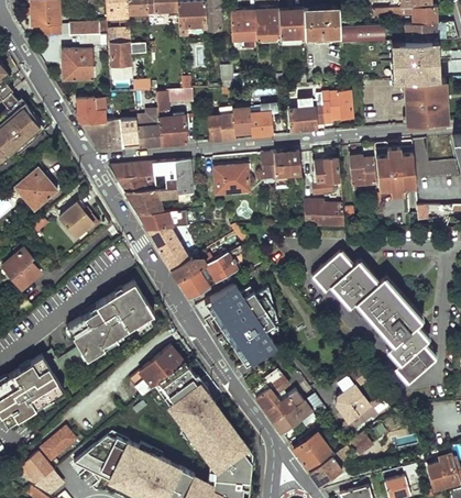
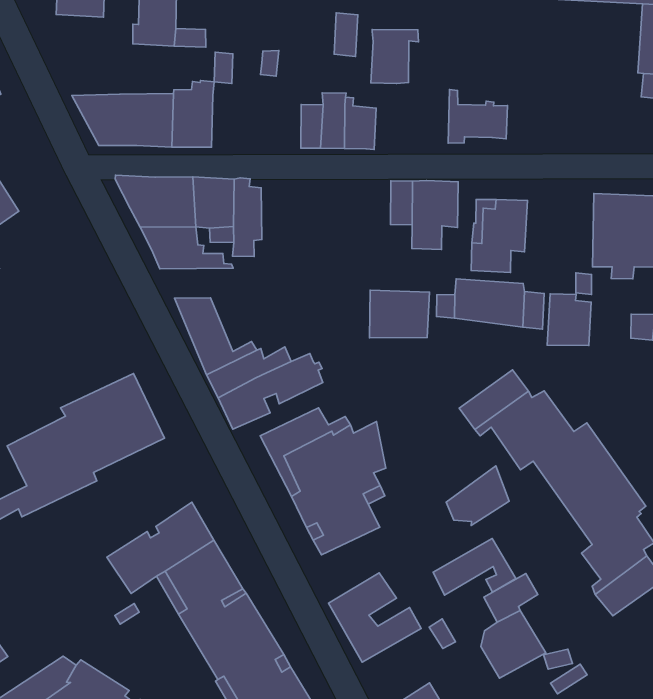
building: [320,91,353,124] -> none
building: [74,97,107,124] -> none
building: [249,106,275,137] -> [371,29,419,83]
building: [158,114,186,145] -> none
building: [350,155,374,185] -> [547,294,591,345]
building: [215,165,249,193] -> [369,290,430,338]
building: [61,201,99,236] -> none
building: [139,211,183,231] -> none
building: none -> [446,466,509,526]
building: [273,400,319,434] -> [433,539,516,595]

